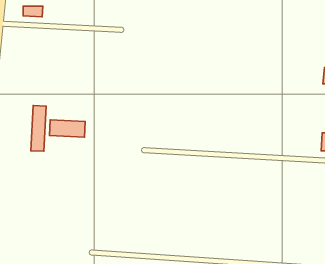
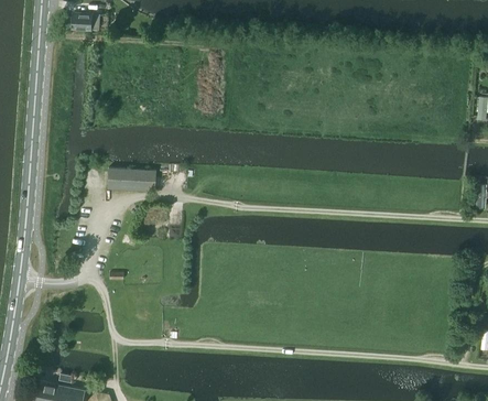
building: [31,106,46,151] -> none

